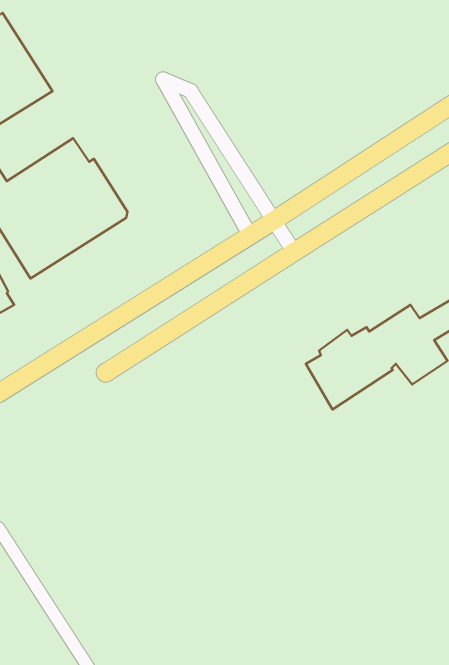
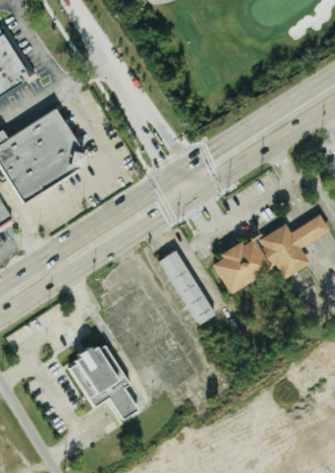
building: none -> [160,251,216,324]
building: none -> [70,347,139,419]

